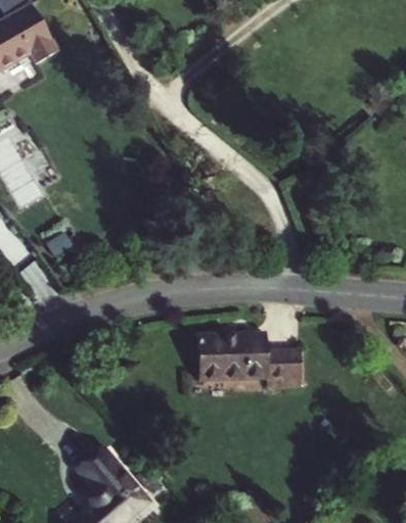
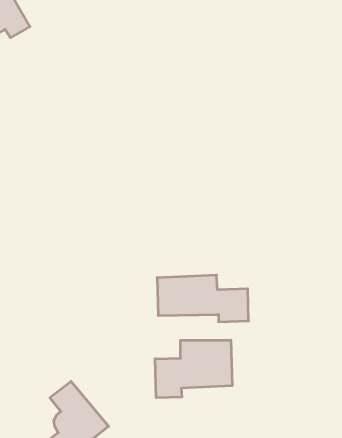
building: none -> [155,340,232,398]

